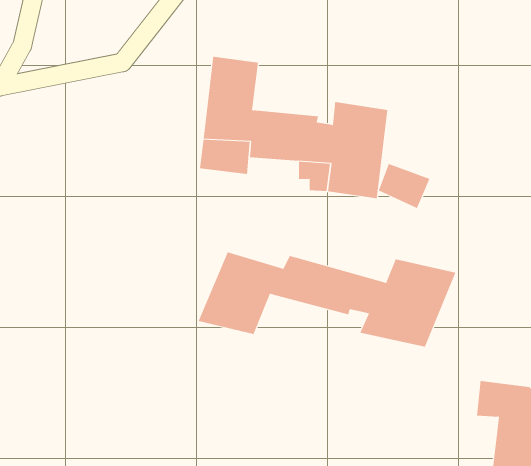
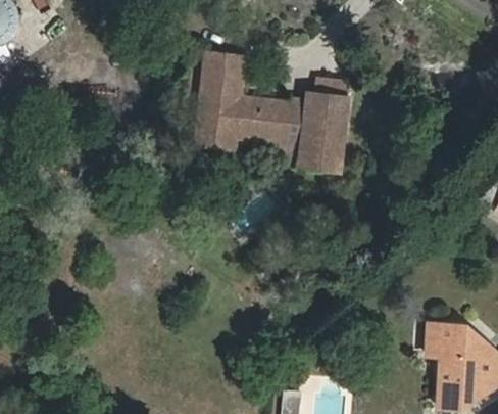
building: [378,163,430,209] -> none
building: [198,252,456,347] -> none

